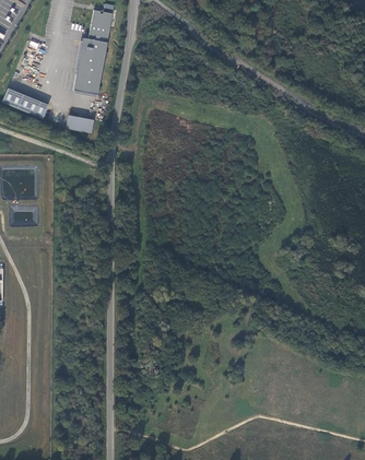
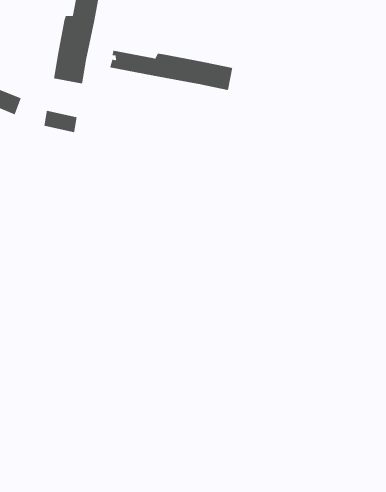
building: none -> [109,50,233,91]

